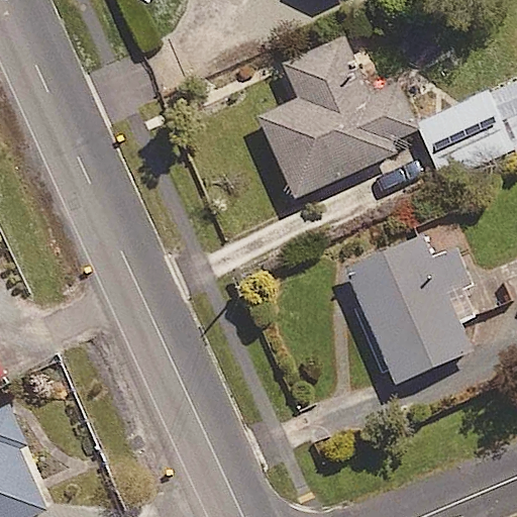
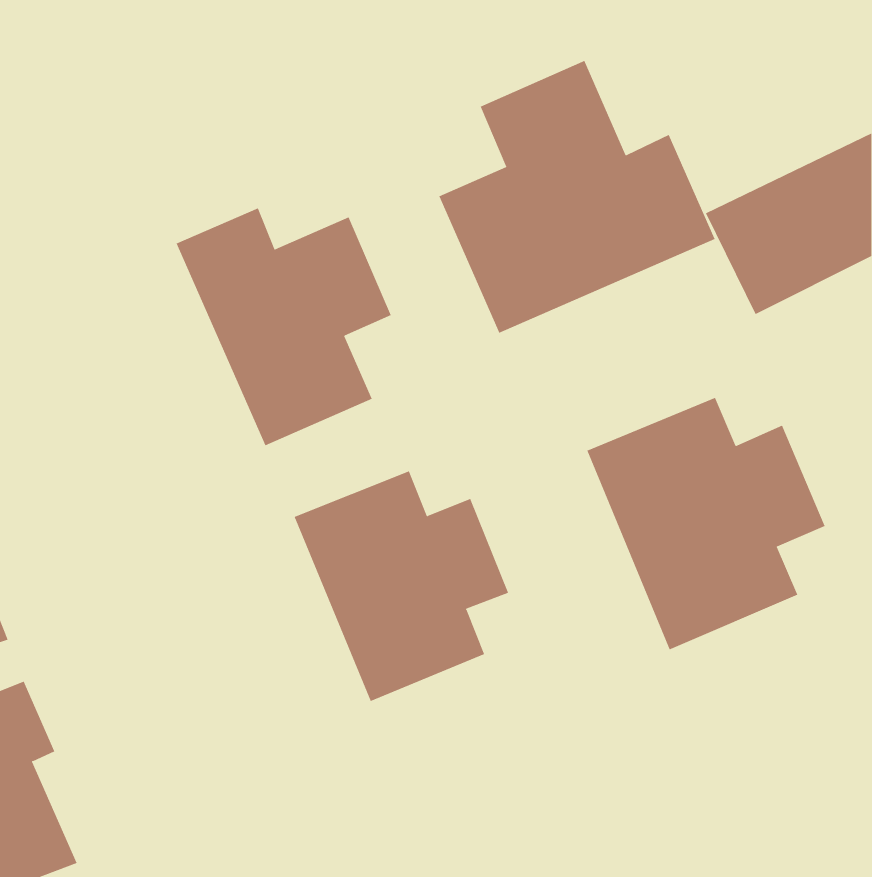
building: none -> [176,207,392,446]
building: none -> [294,470,509,702]

